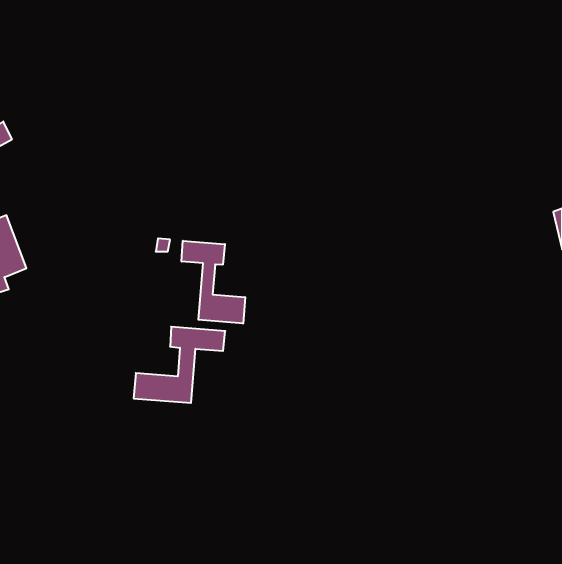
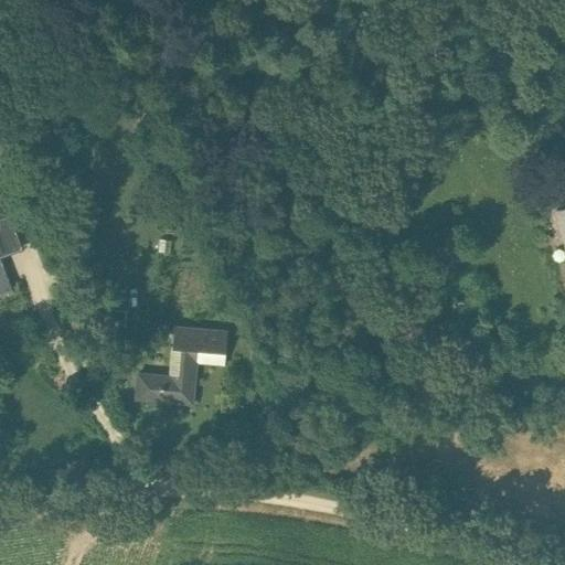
building: [182,241,245,324] -> none

